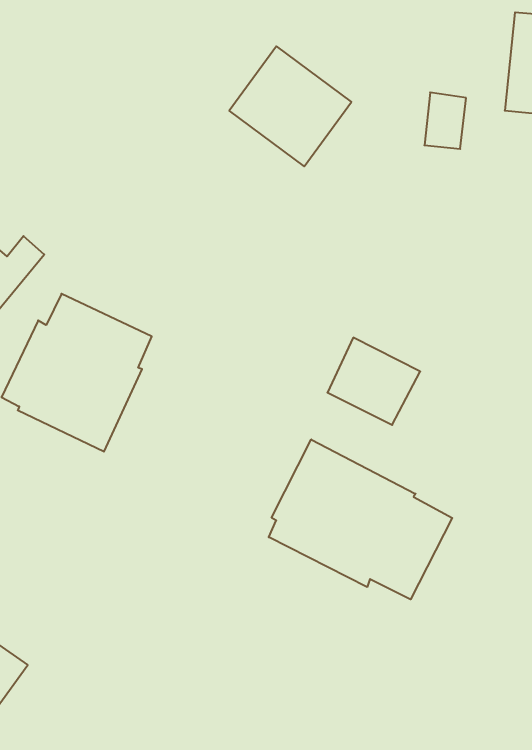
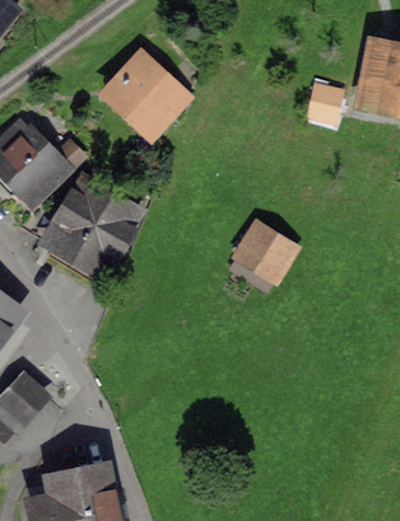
building: [229,46,351,166] -> [110,58,182,131]
building: [269,439,452,599] -> none

